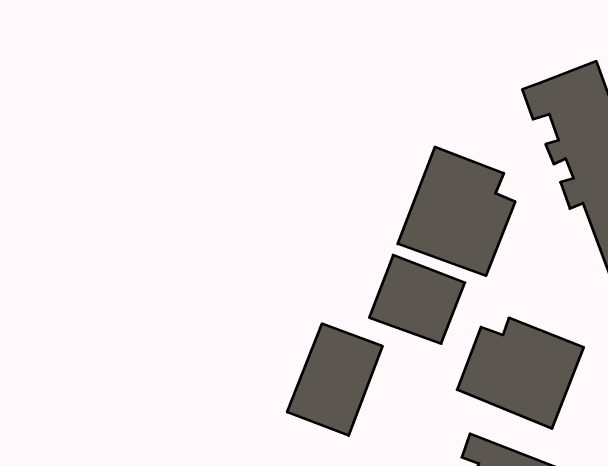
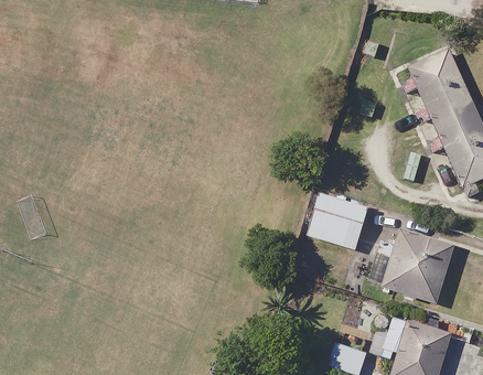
building: [398,147,515,276] -> none
building: [287,324,382,436] -> none

